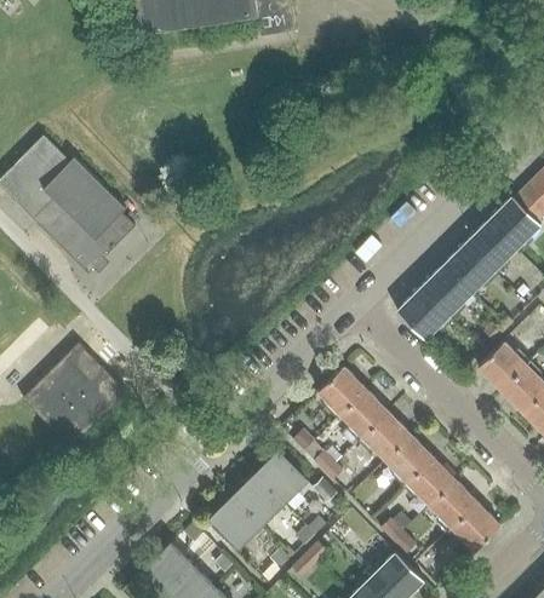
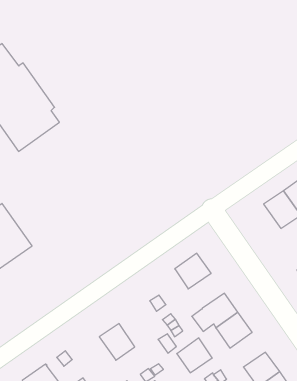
building: [396,287,447,339] -> none
building: [339,389,388,436] -> none
building: [257,452,305,501] -> none
building: [407,456,454,504] -> [177,338,212,373]
building: [211,496,260,546] -> none

